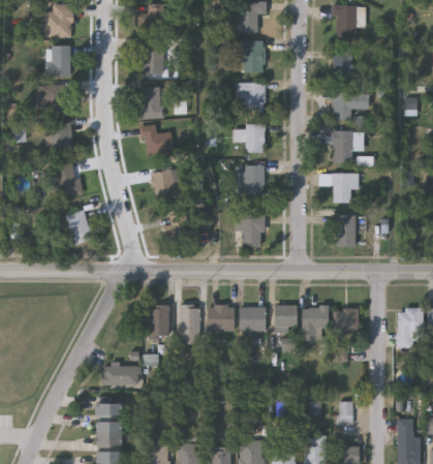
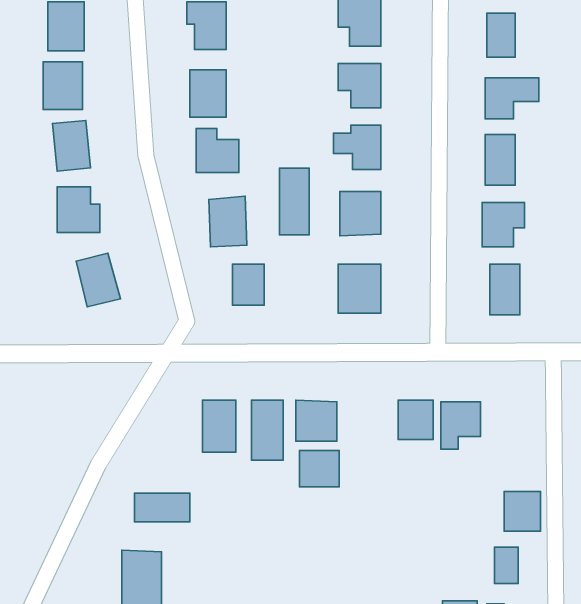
building: none -> [280,168,309,235]
building: [240,306,266,330] -> [300,451,339,487]
building: [335,307,359,333] -> [504,492,541,531]

